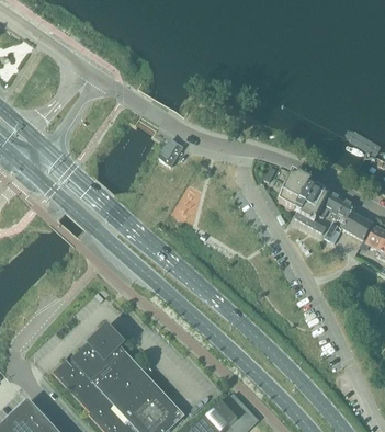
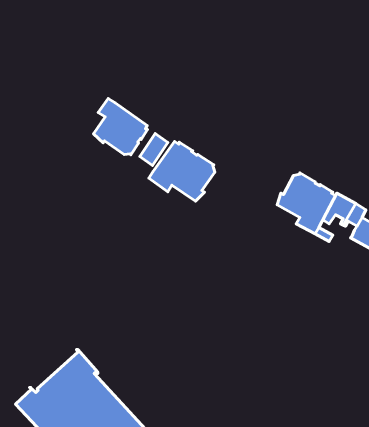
building: none -> [93,98,147,155]
building: none -> [149,142,215,201]

